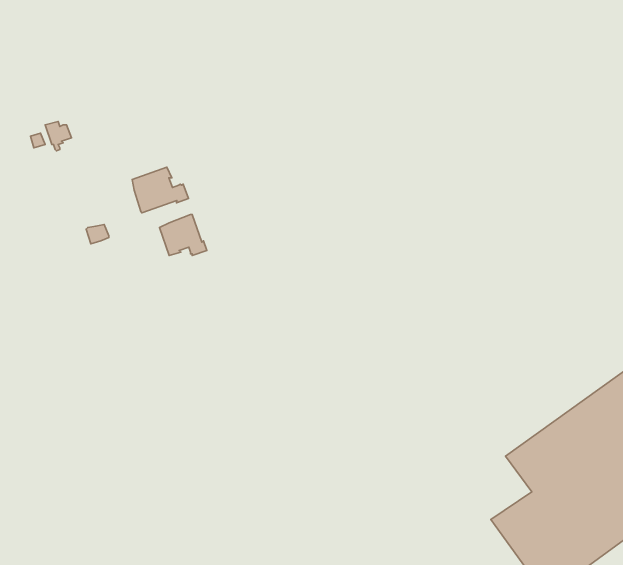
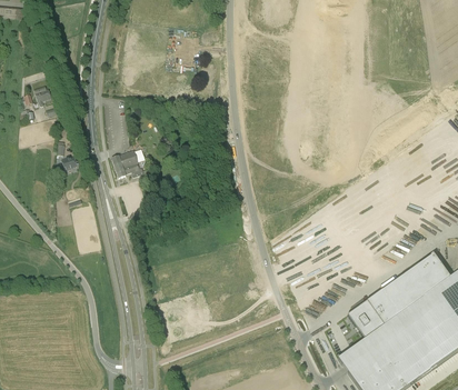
building: [132,167,189,213] -> none

